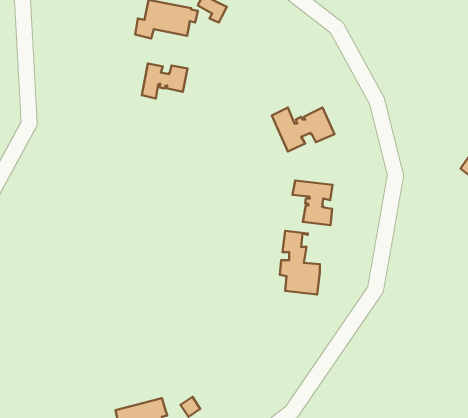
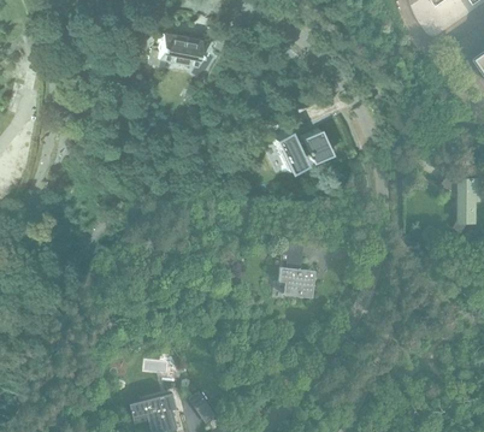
building: [142,63,188,98] -> none
building: [293,180,332,225] -> none

